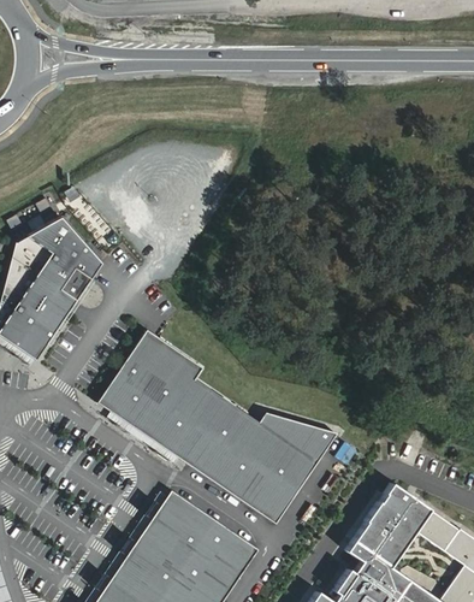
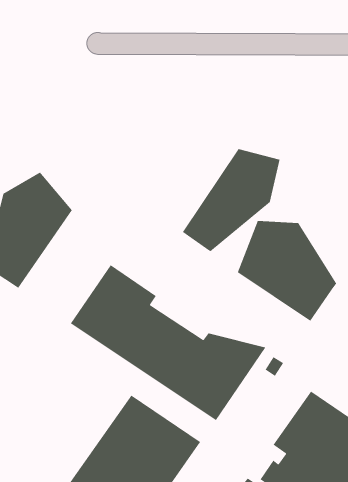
building: none -> [182,148,280,252]
building: none -> [237,220,337,322]

